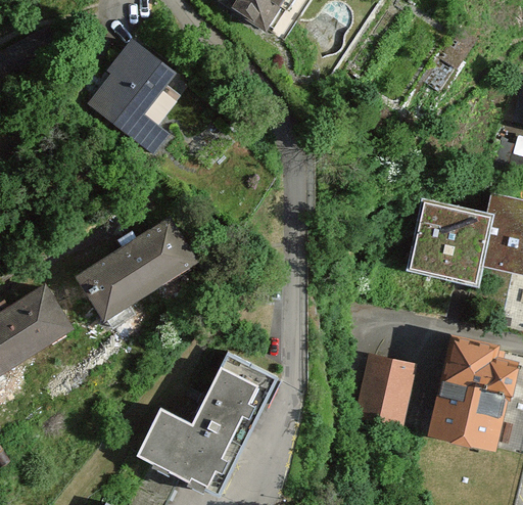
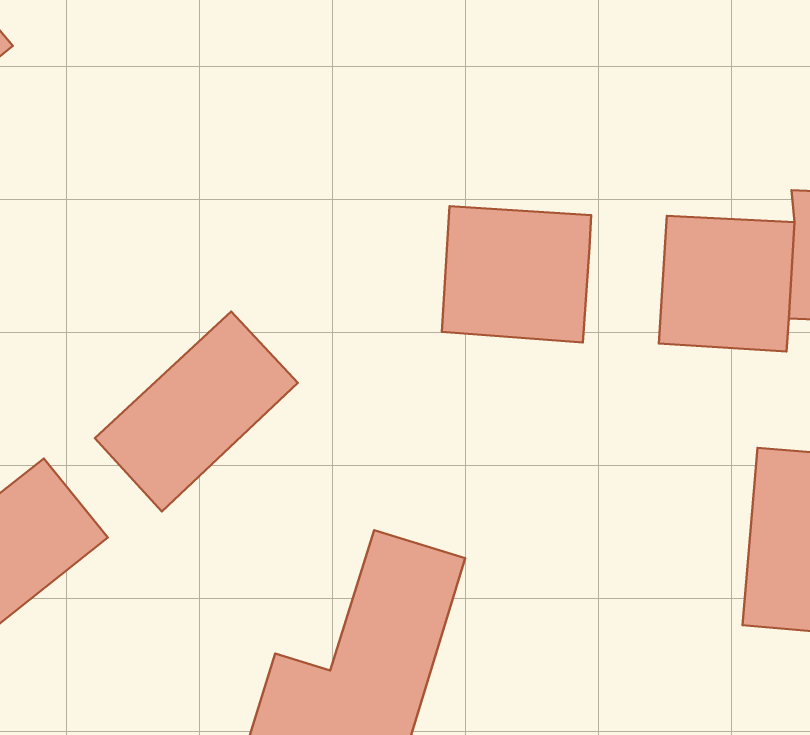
building: [82,39,177,159] -> none
building: none -> [442,206,591,342]
building: [353,354,415,433] -> none

